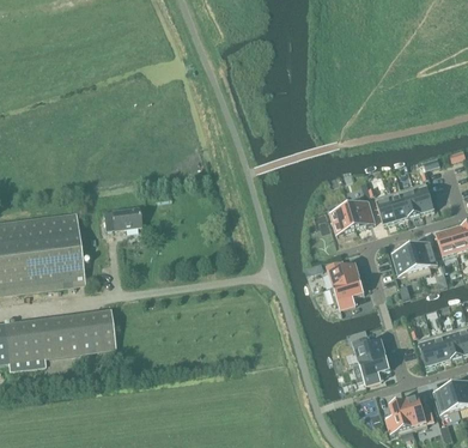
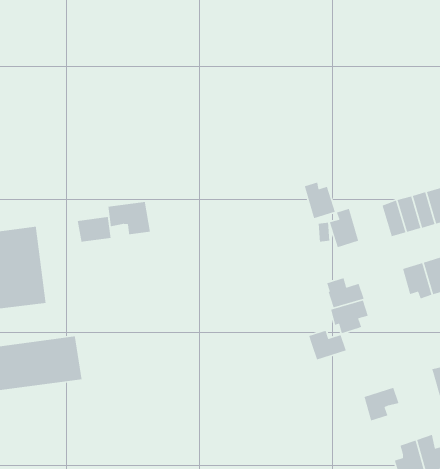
building: none -> [108,201,151,235]
building: [347,195,375,228] -> [304,182,336,219]
building: [352,335,385,362] -> [308,330,347,360]

